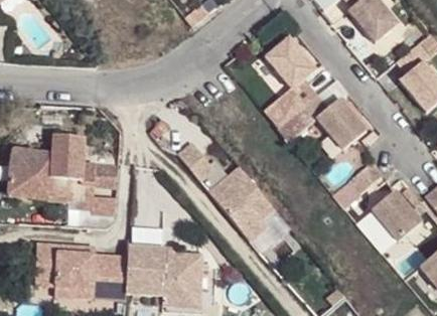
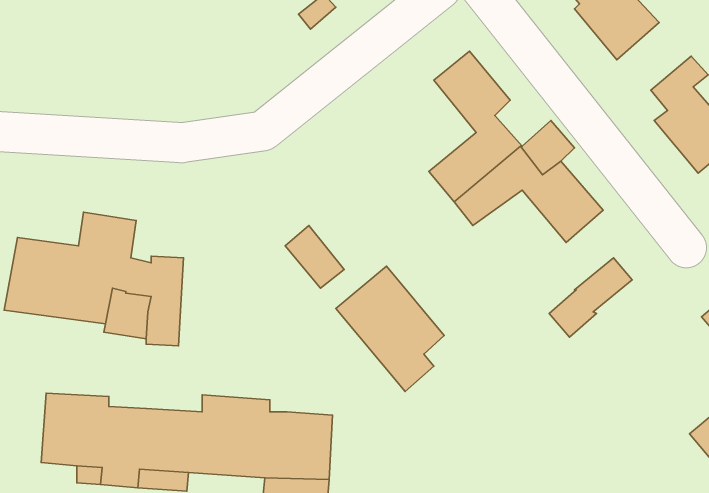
building: [373,192,421,243] -> none

